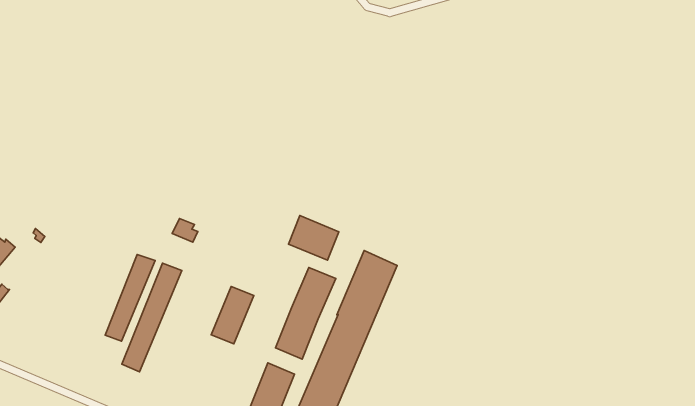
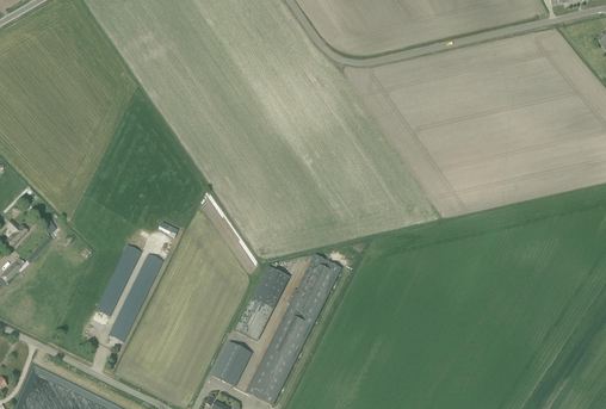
building: [288,215,339,260] -> none
building: [211,287,254,344] -> none

